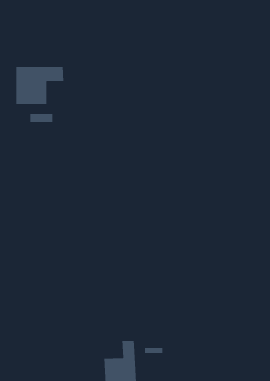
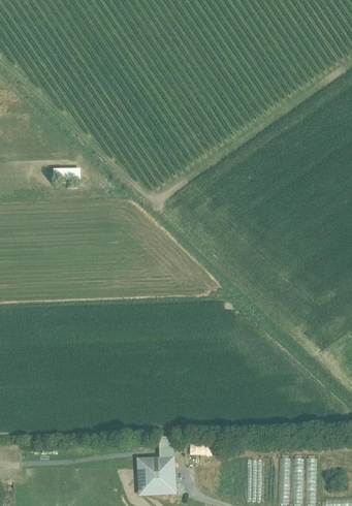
building: [15,66,64,105] -> none

